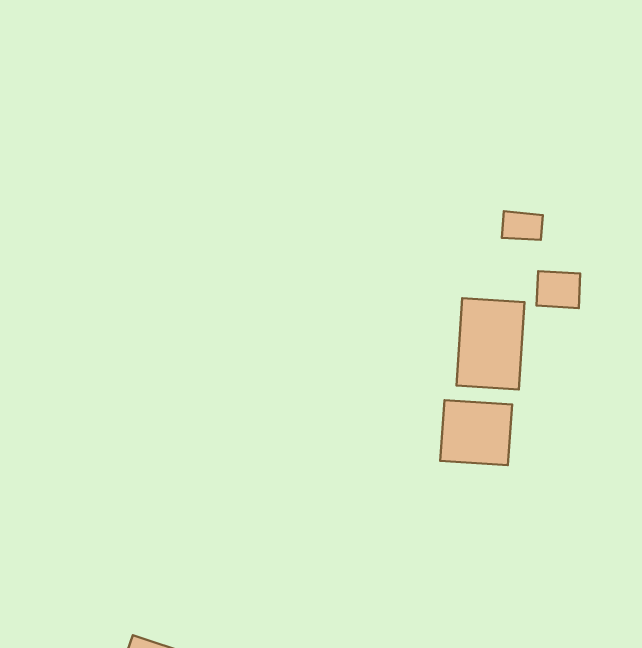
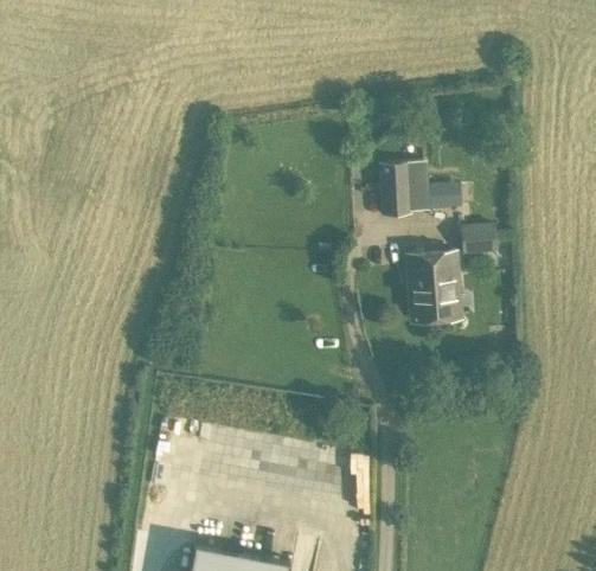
building: none -> [380,162,429,216]
building: [440,400,512,465] -> none

